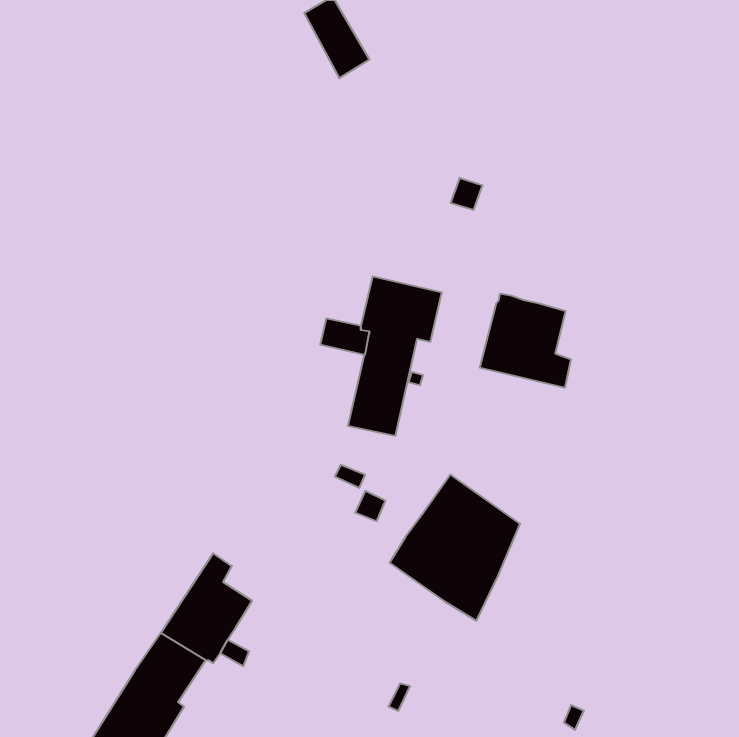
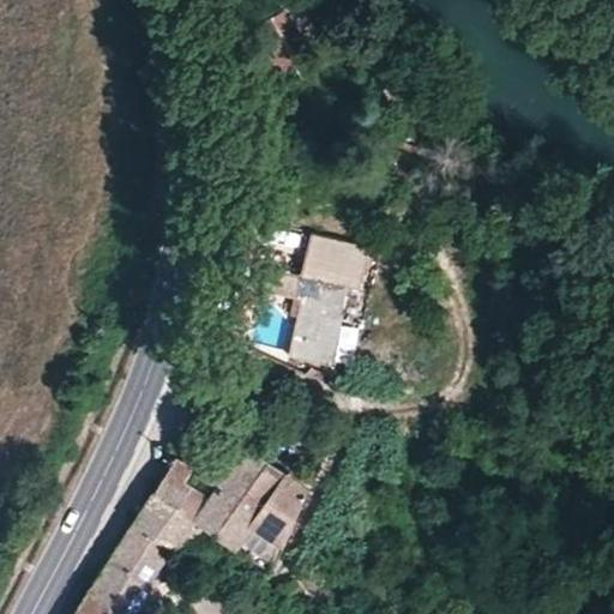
building: [480,294,571,388] -> none
building: [390,475,520,621] -> [197,449,305,570]

